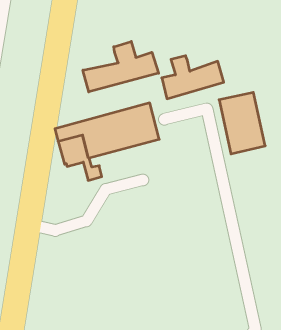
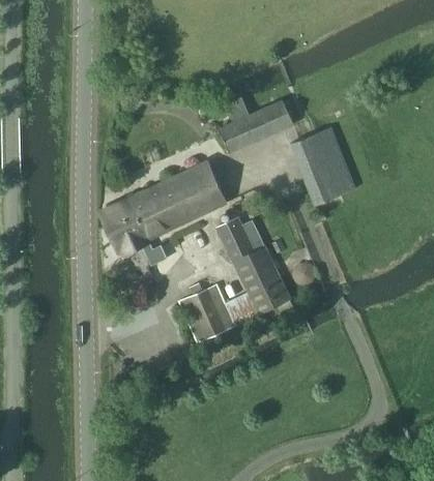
building: [83,41,159,92] -> none
building: none -> [179,217,290,342]

